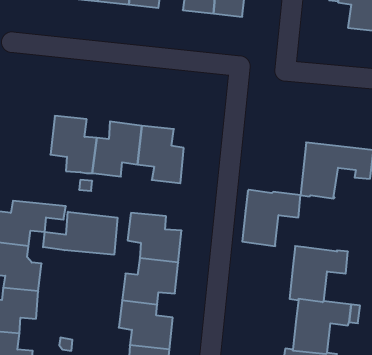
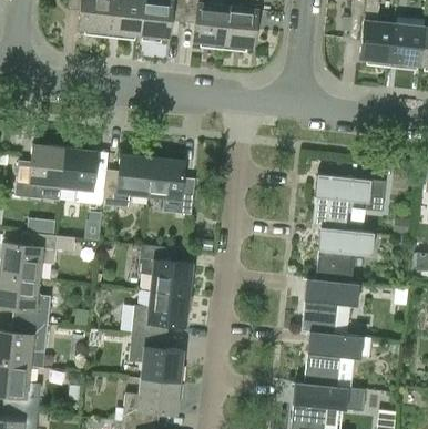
building: none -> [16,145,65,202]
building: [242,190,301,246] -> [316,228,375,285]
building: [43,212,117,255] -> none

